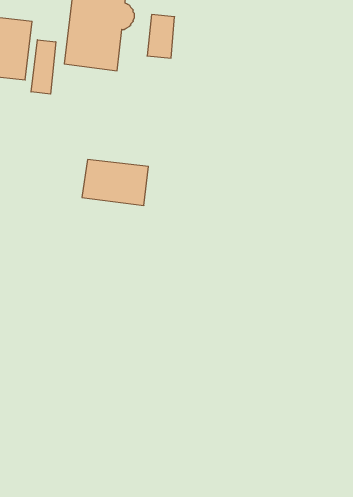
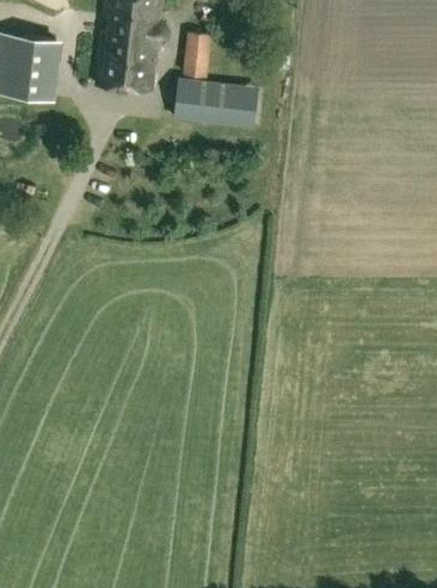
building: [31,40,56,94] -> none
building: [82,160,148,205] -> [173,79,242,126]

